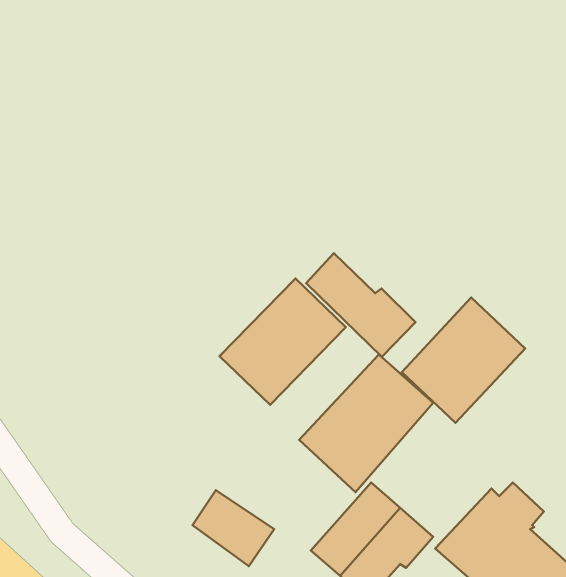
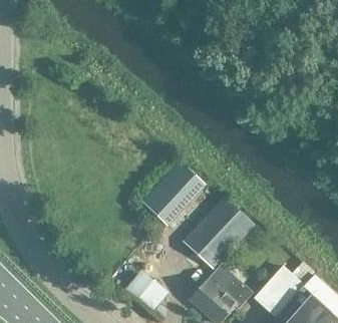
building: [306,253,416,357] -> none
building: [402,298,525,423] -> none

